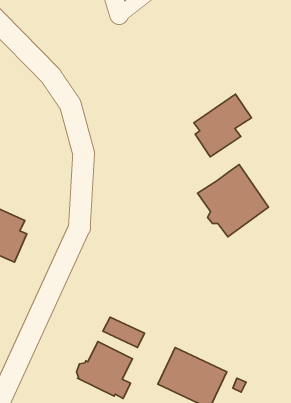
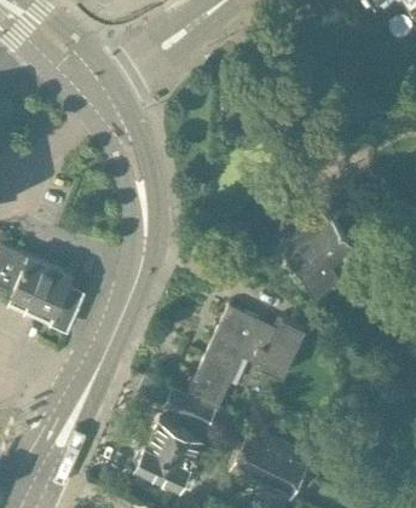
building: [194,94,252,157] -> none
building: none -> [186,307,305,410]

